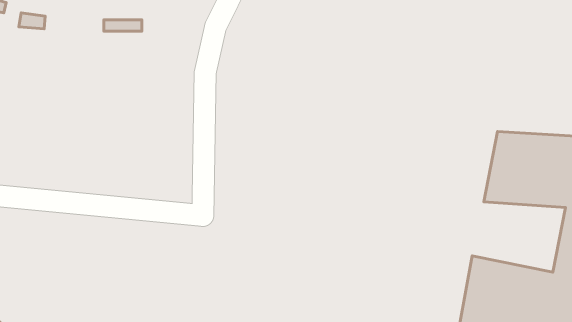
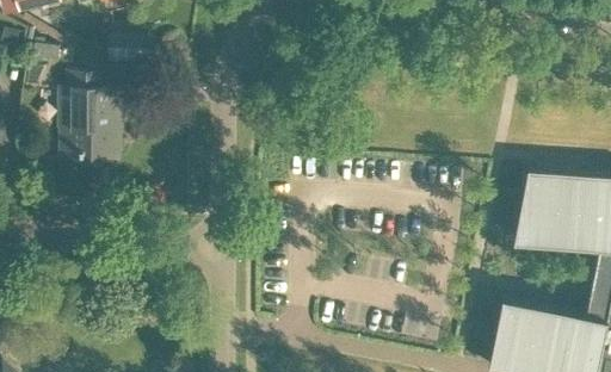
building: none -> [58,72,121,167]

